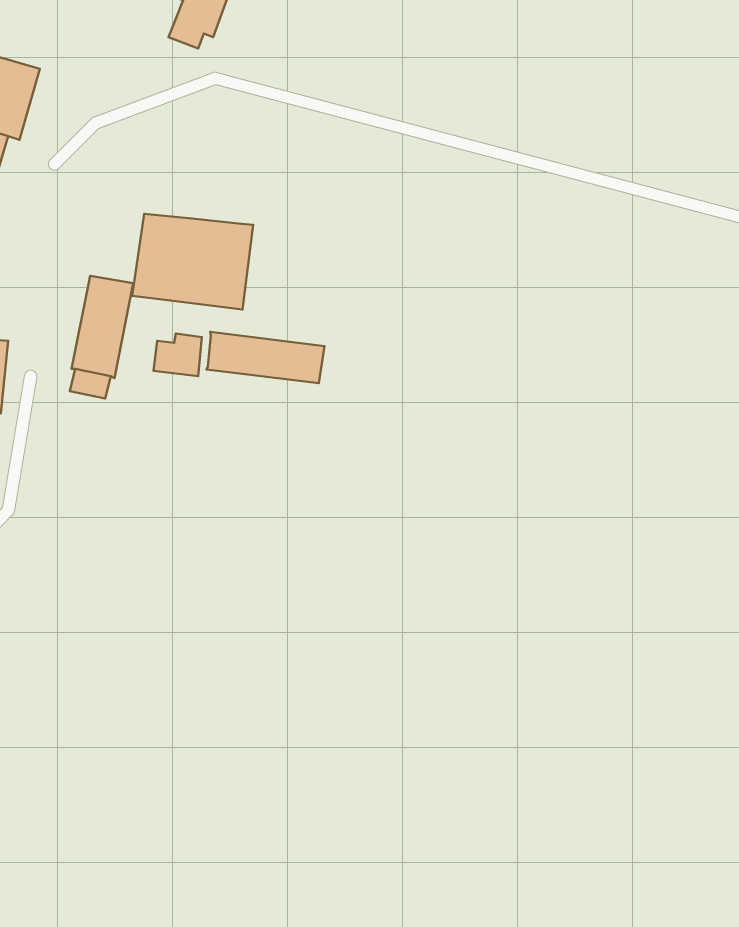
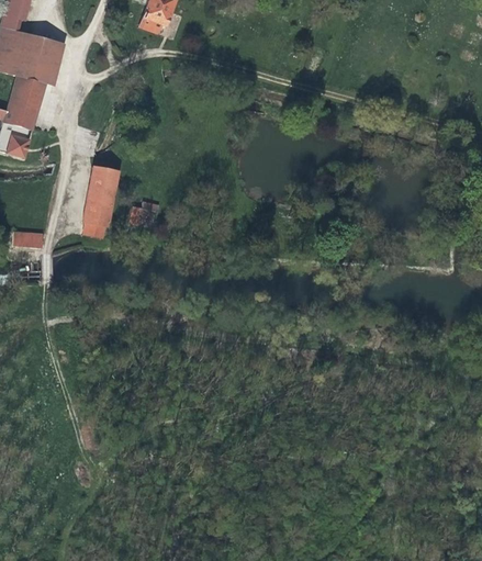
building: [132,214,253,310] -> none
building: [206,332,324,383] -> none

